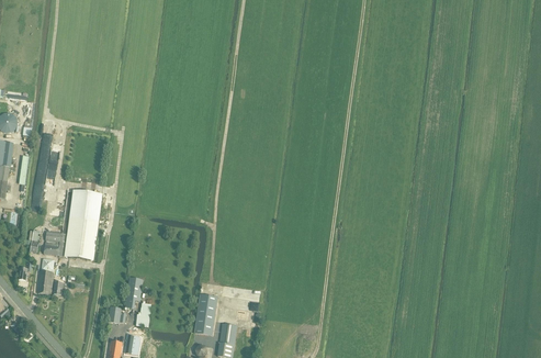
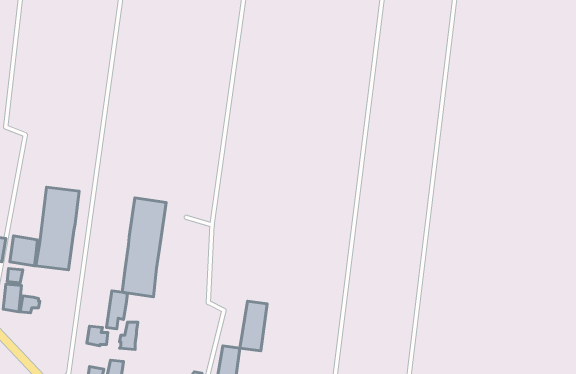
building: none -> [122,198,166,297]
building: [193,293,216,335] -> [240,301,267,351]

